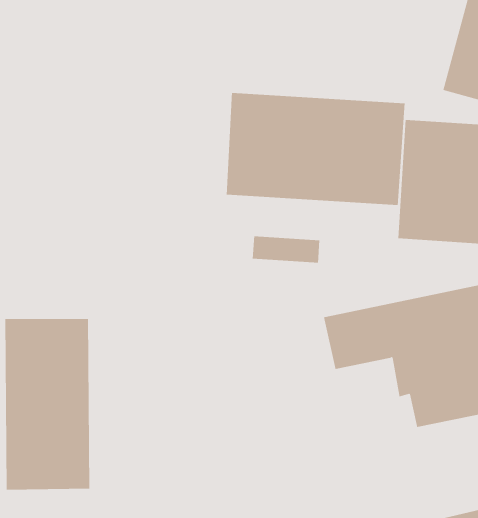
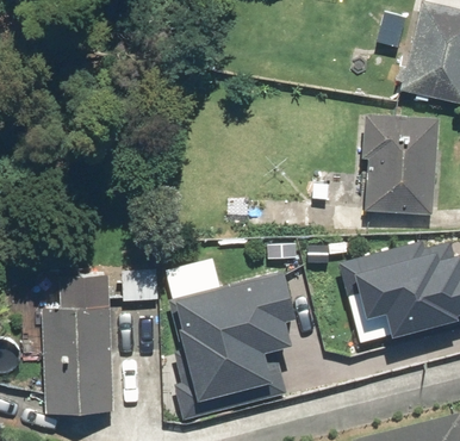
building: [226,92,405,206] -> none
building: none -> [179,275,305,402]

